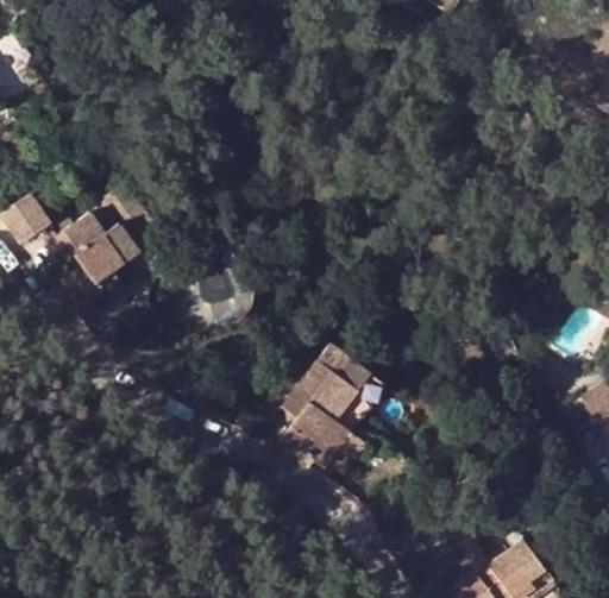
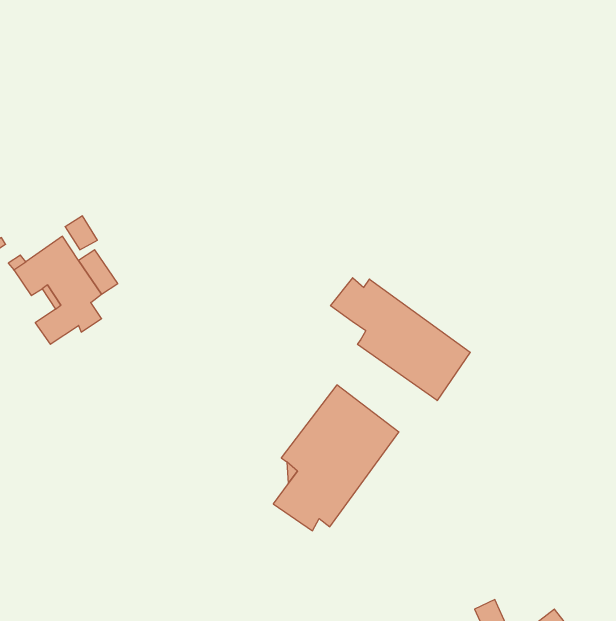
building: none -> [331,278,470,401]

